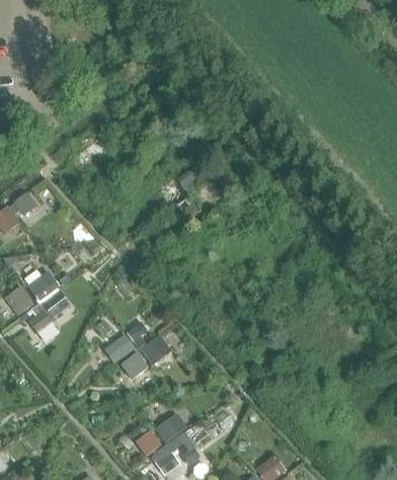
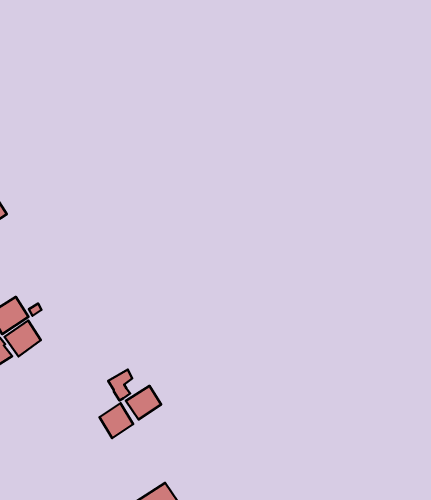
building: [103,333,136,364] -> none

